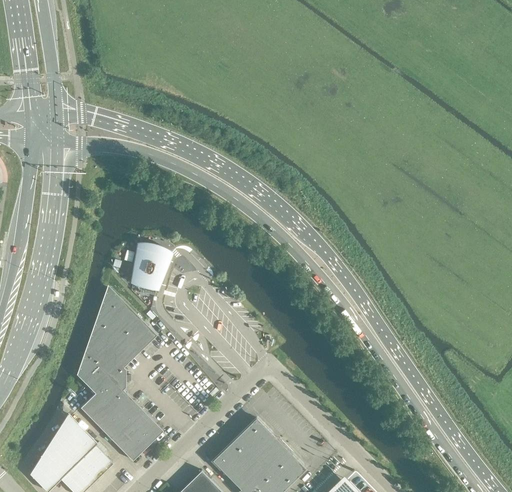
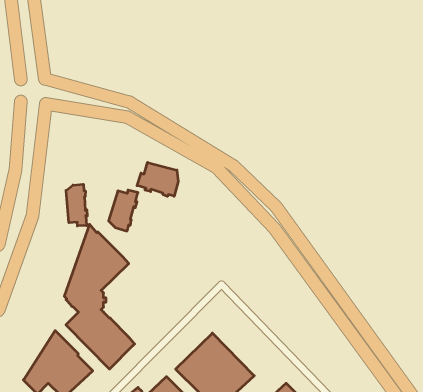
building: none -> [137,162,178,196]
building: none -> [66,184,87,226]

